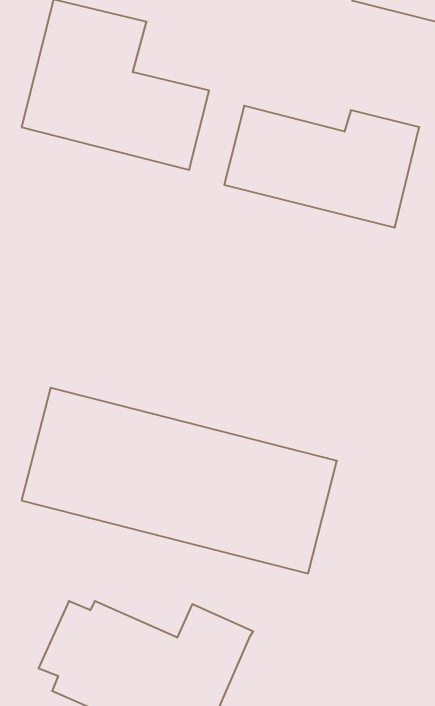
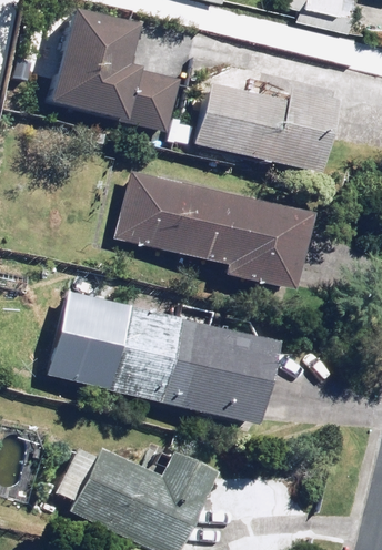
building: none -> [119,170,309,288]

